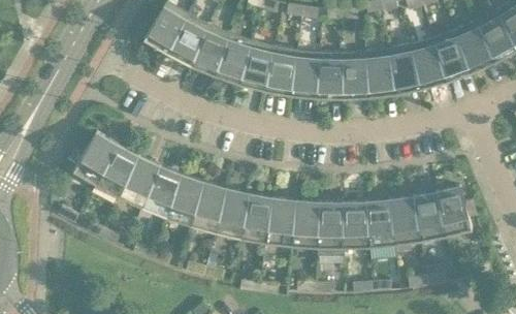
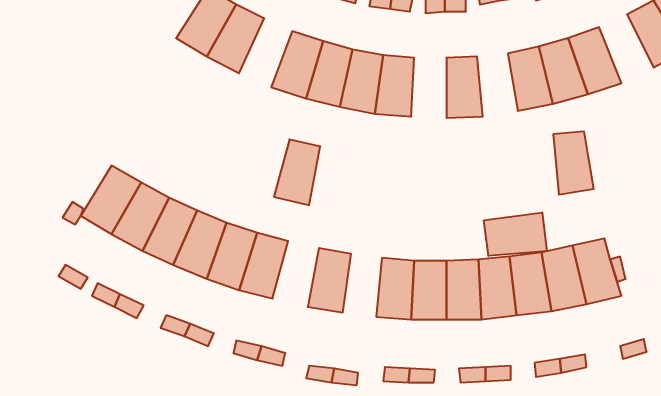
building: [455,22,495,72] -> none
building: [190,25,229,75] -> none
building: [365,51,395,97] -> [553,132,594,194]
building: [317,54,343,98] -> none
building: none -> [484,212,547,256]
building: [215,189,249,238] -> [274,139,320,205]
building: [266,198,295,245] -> none

